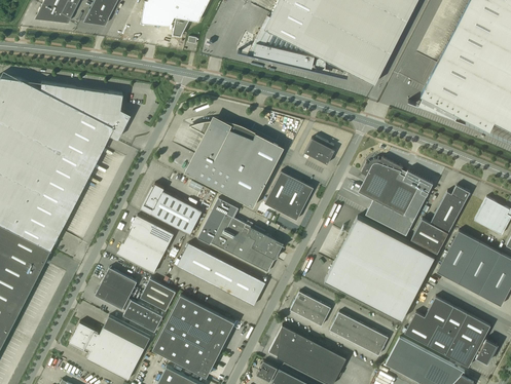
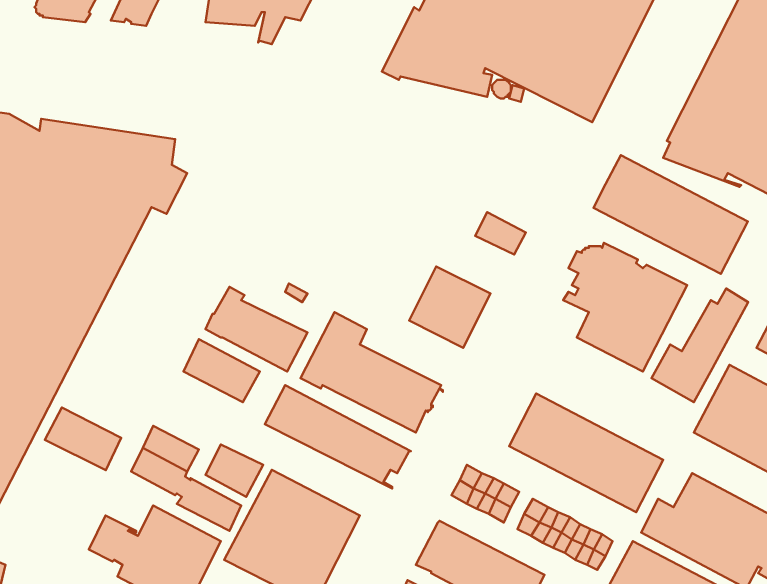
building: [184,121,284,207] -> none
building: [341,217,435,289] -> [594,155,748,274]
building: [117,235,163,273] -> [45,407,121,470]

